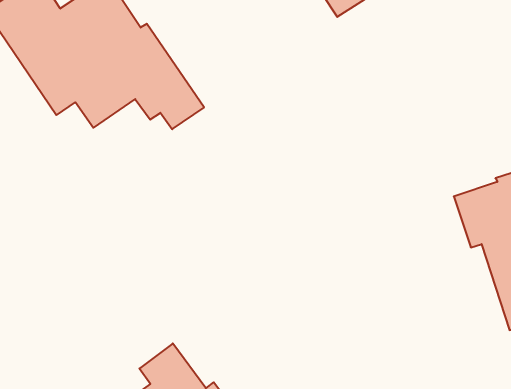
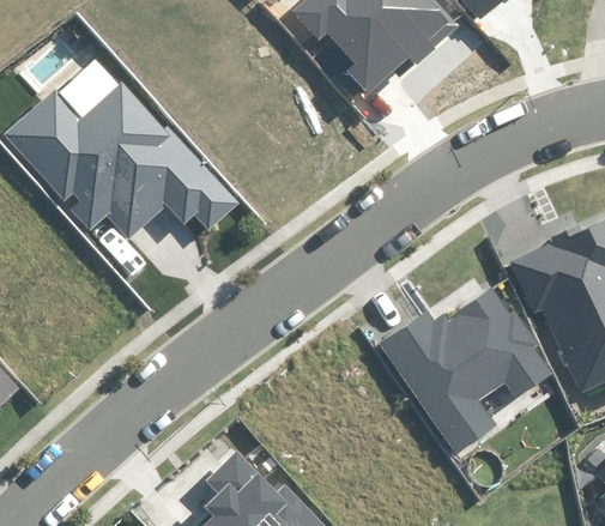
building: none -> [379,289,553,454]

